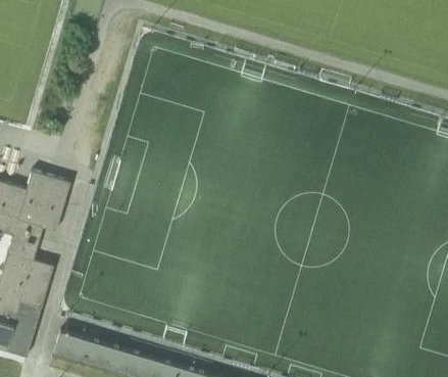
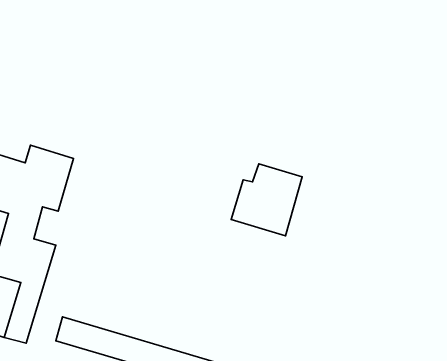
building: none -> [231,164,302,236]

